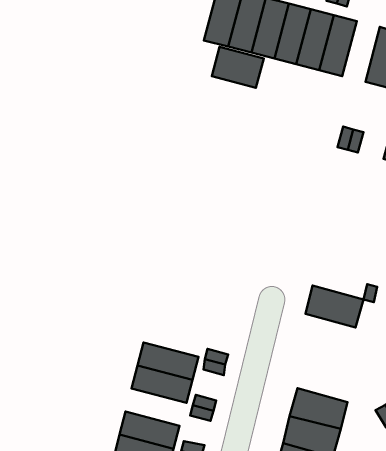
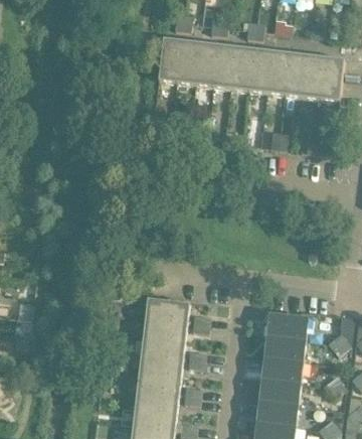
building: none -> [267,49,291,95]
building: [212,47,264,88] -> none
building: [306,285,363,328] -> [267,312,310,339]
building: none -> [146,298,191,321]
building: none -> [140,352,185,376]

